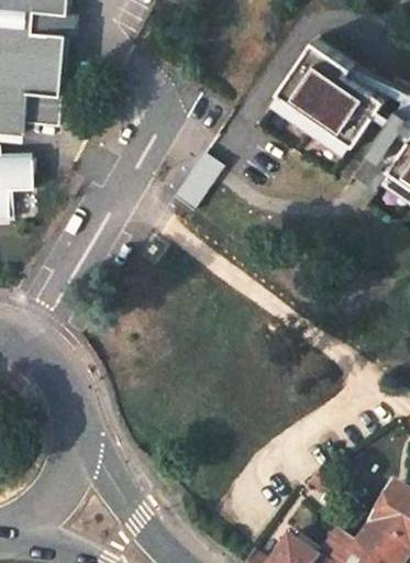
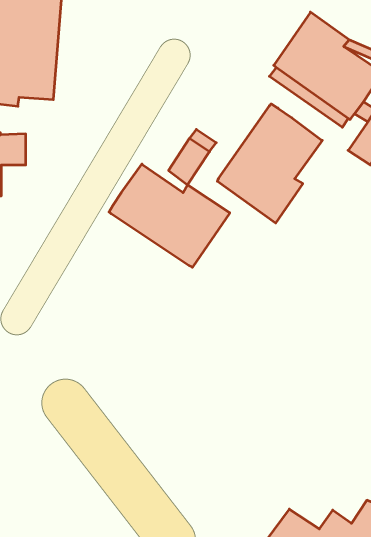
building: none -> [217,104,322,223]
building: none -> [109,164,230,267]

